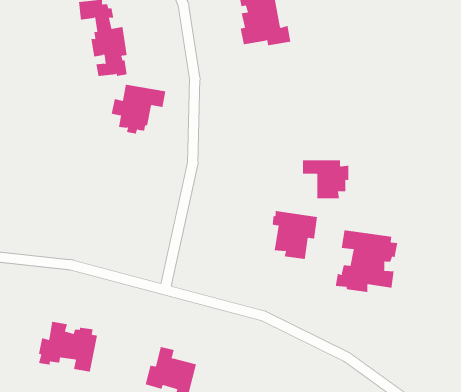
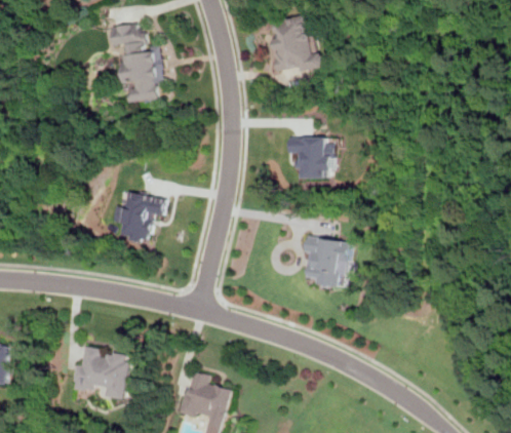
building: [111,84,166,134] -> [112,192,167,242]
building: [302,160,349,199] -> [287,139,335,178]
building: [335,230,398,293] -> none

